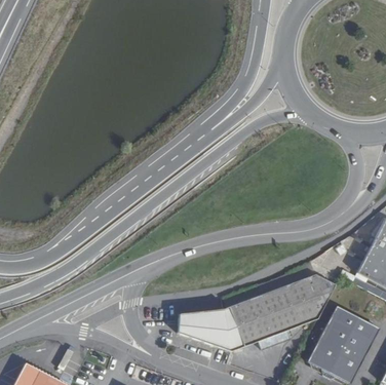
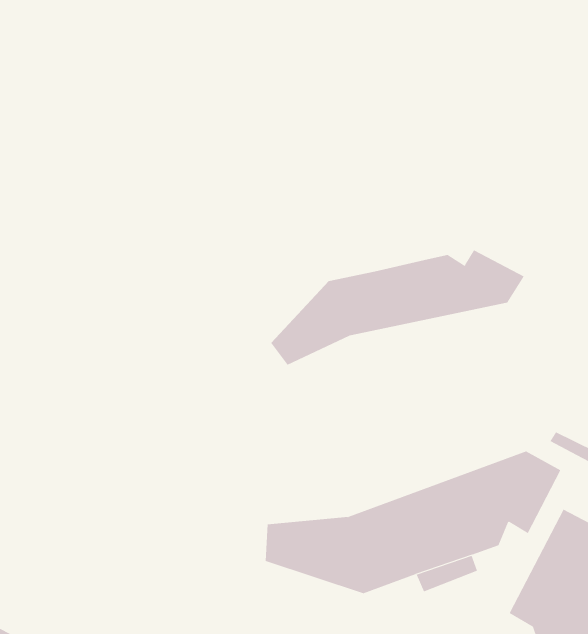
building: none -> [271,249,525,366]

